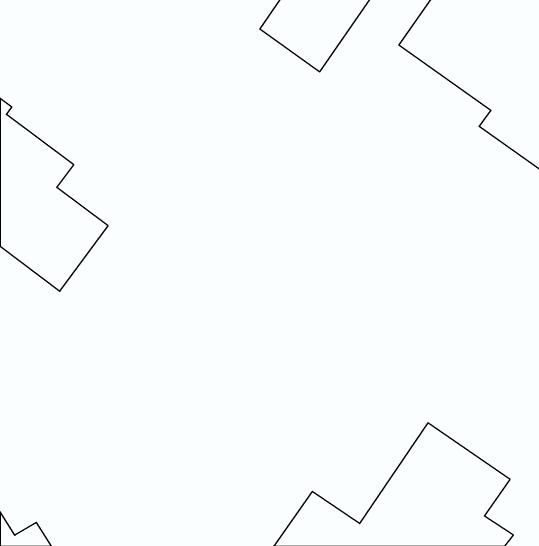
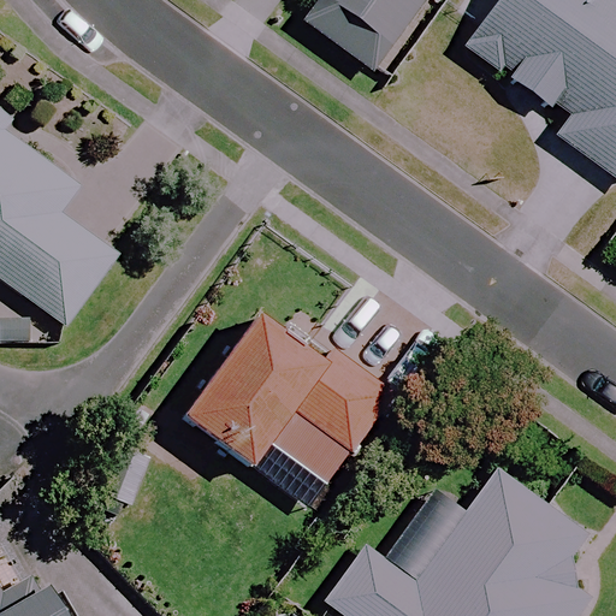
building: none -> [180,319,396,469]

